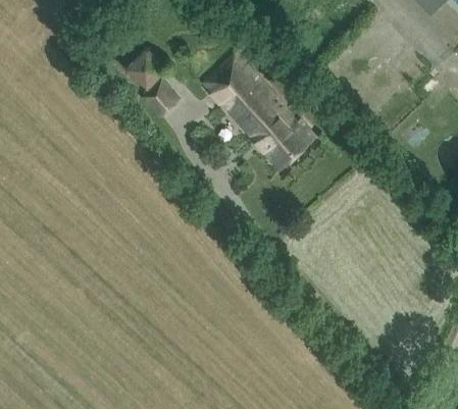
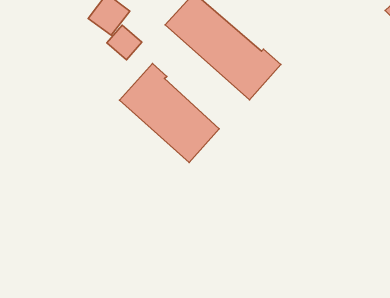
building: none -> [120,63,219,162]

